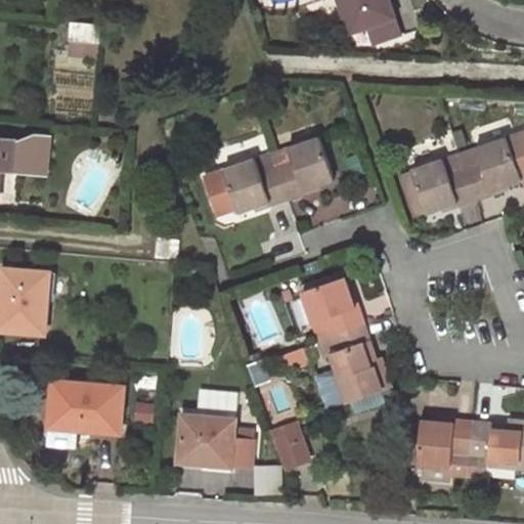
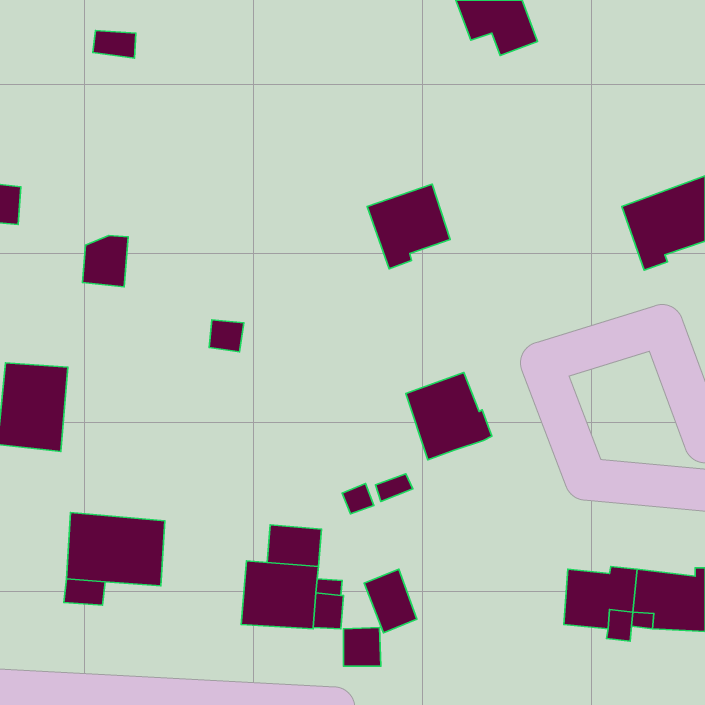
building: [13,133,47,171] -> [83,236,128,287]
building: [203,155,288,216] -> none
building: [409,155,476,215] -> none
building: [316,324,392,404] -> none

